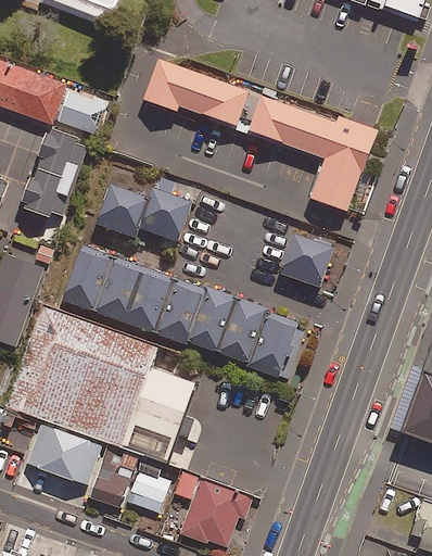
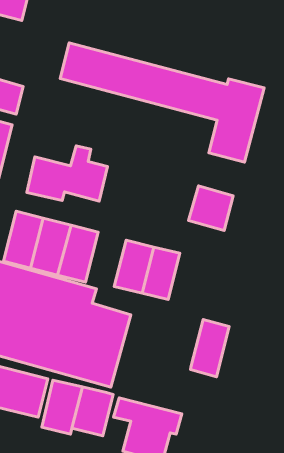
building: [154,278,205,346] -> none
building: [246,311,295,378] -> [190,320,229,377]

